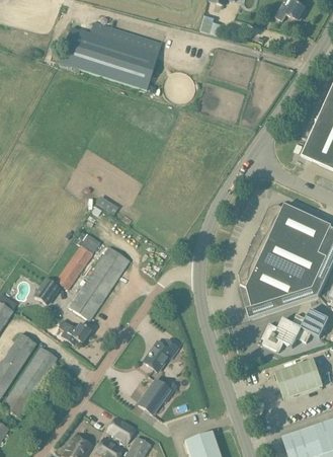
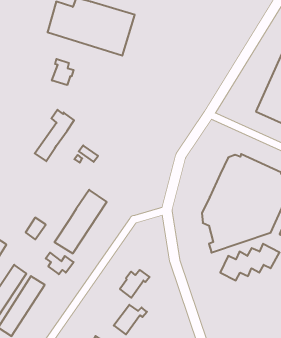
building: none -> [52,59,74,85]
building: [55,229,100,289] -> [35,110,74,161]
building: [274,358,323,397] -> none

